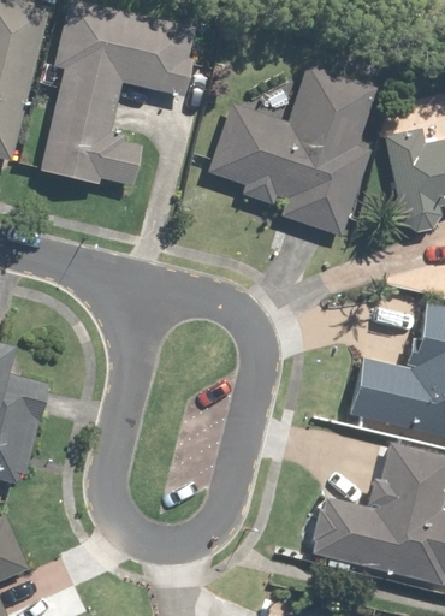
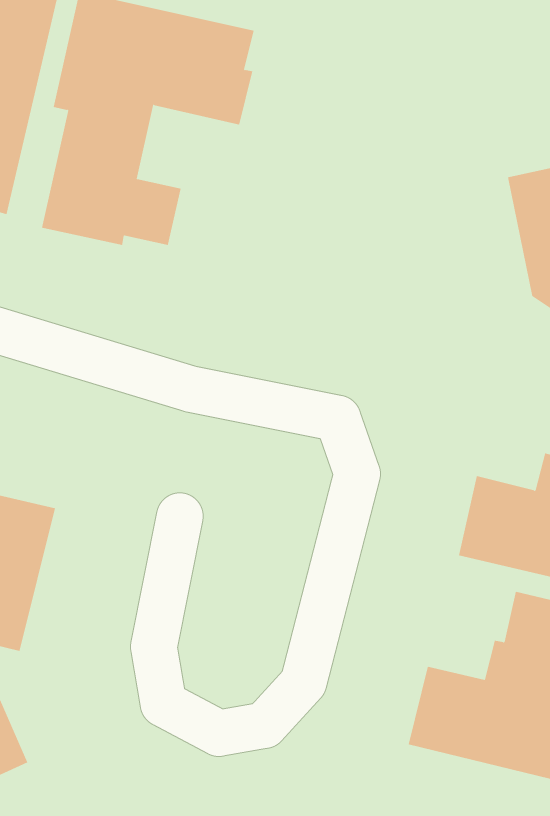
building: [206,64,376,237] -> none

